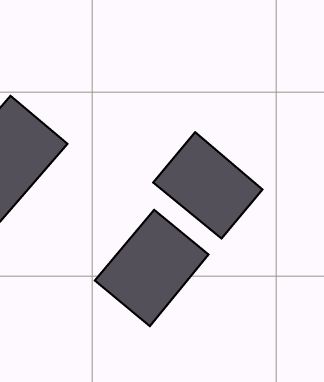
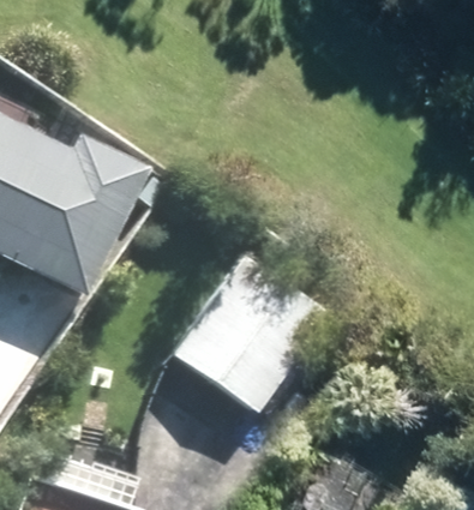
building: [153,132,263,239] -> none

